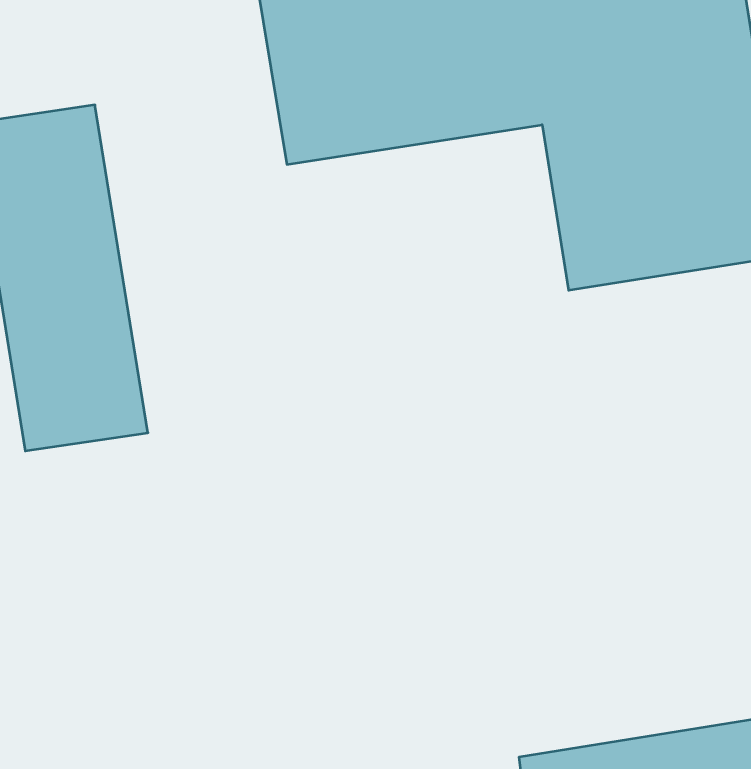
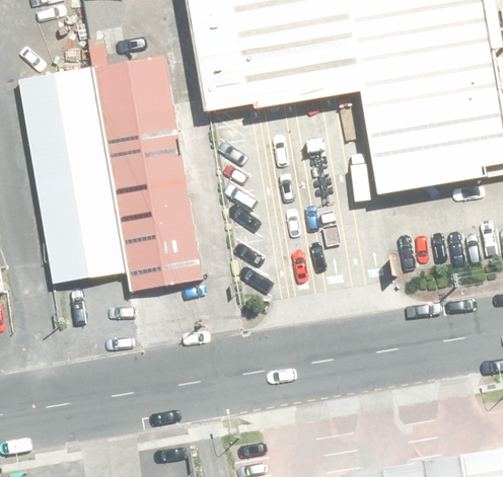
building: none -> [91,58,200,293]

